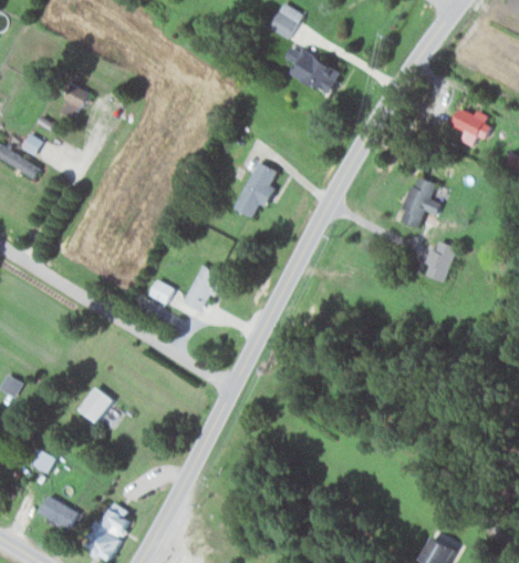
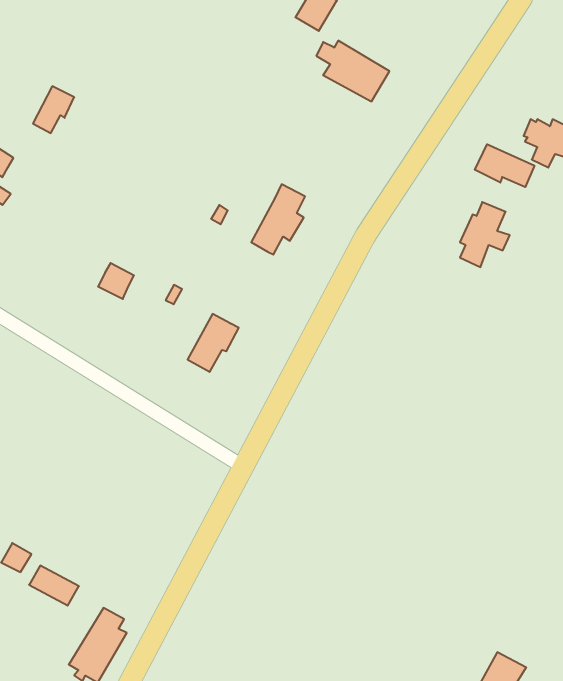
building: none -> [475,144,534,187]
building: [422,243,456,284] -> none
building: [144,278,173,307] -> [98,263,134,299]
building: [77,387,113,423] -> none
building: [38,498,77,530] -> [29,566,79,606]

